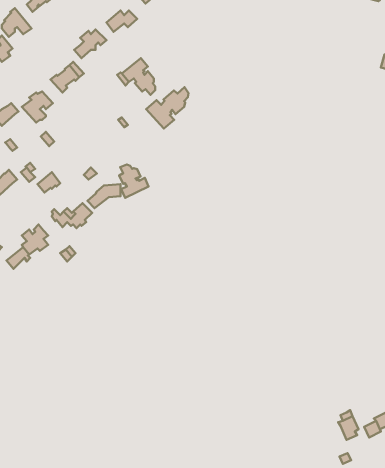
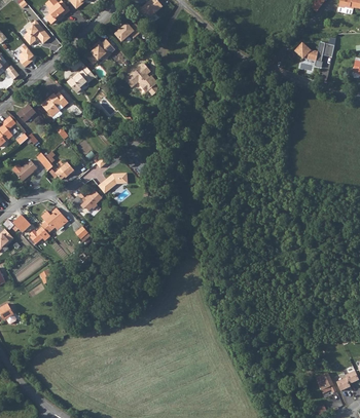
building: none -> [294,42,333,62]
building: [146,87,189,129] -> none
building: [119,165,149,198] -> none

